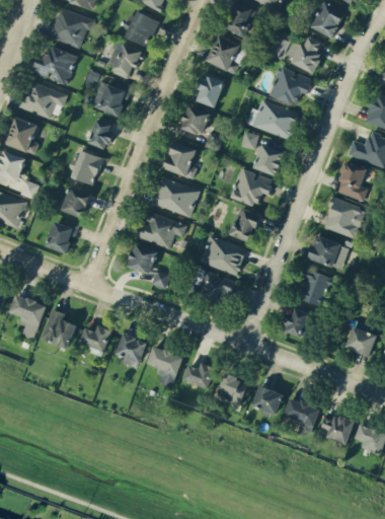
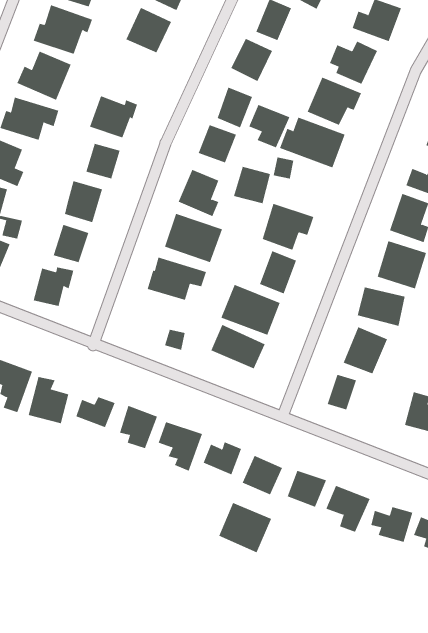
building: [106,42,140,77] -> none
building: none -> [249,104,290,148]
building: [253,145,284,175] -> [233,166,271,204]
building: [128,244,156,274] -> none
building: none -> [219,502,272,553]

